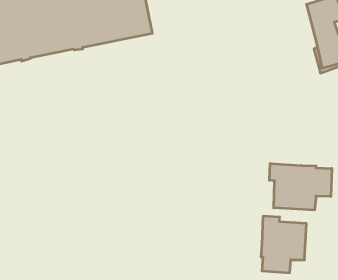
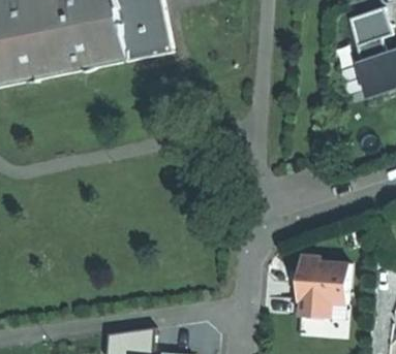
building: [269,163,332,210] -> none

